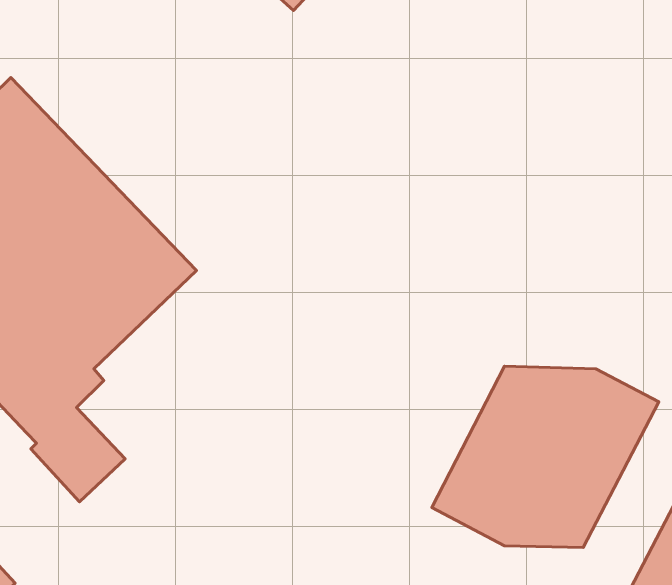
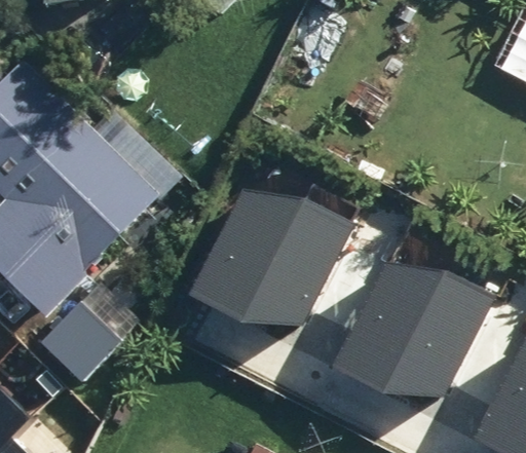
building: none -> [179,197,342,343]

